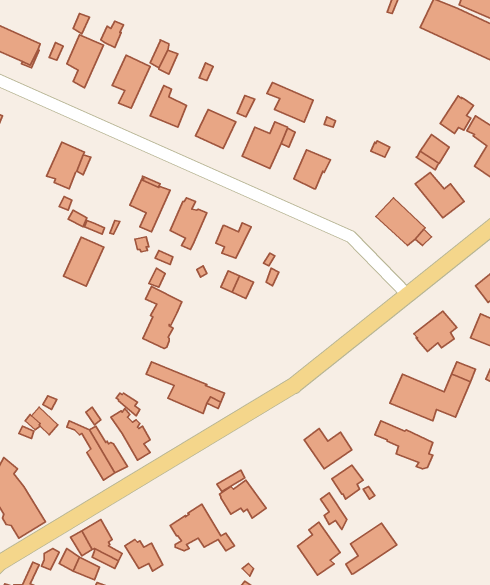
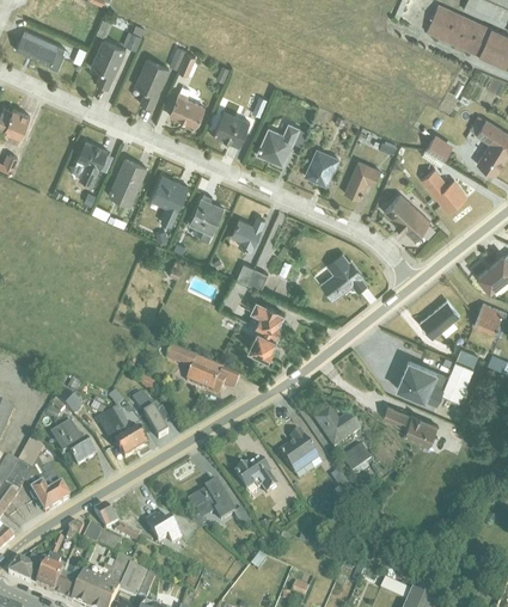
building: [267,82,313,122] -> none
building: [440,96,473,134] -> none
building: none -> [343,159,379,198]
building: [64,237,104,286] -> [108,158,146,204]
building: none -> [319,251,366,299]
building: [143,287,182,348] -> [246,299,283,357]
building: none -> [50,423,94,467]
building: [297,522,340,575] -> [279,431,319,482]
building: [346,523,397,574] -> none

